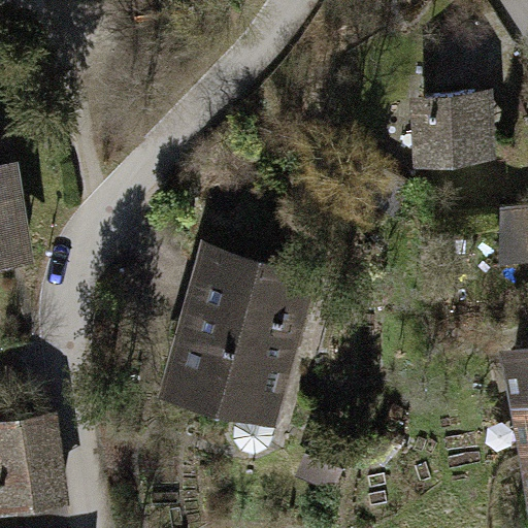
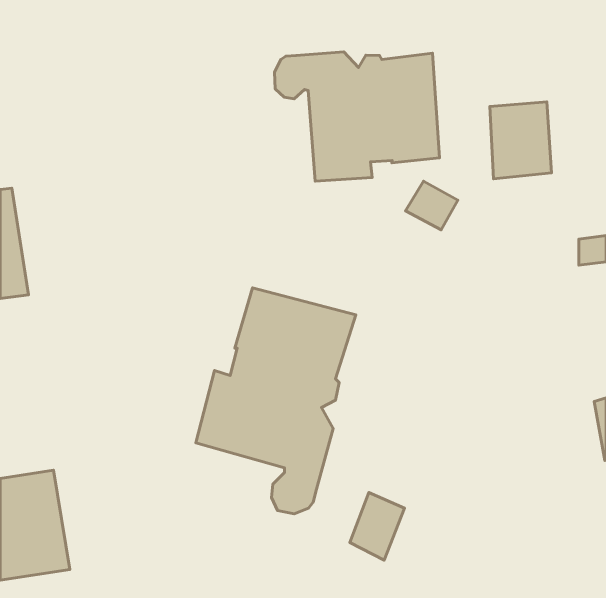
building: none -> [275,52,440,181]

